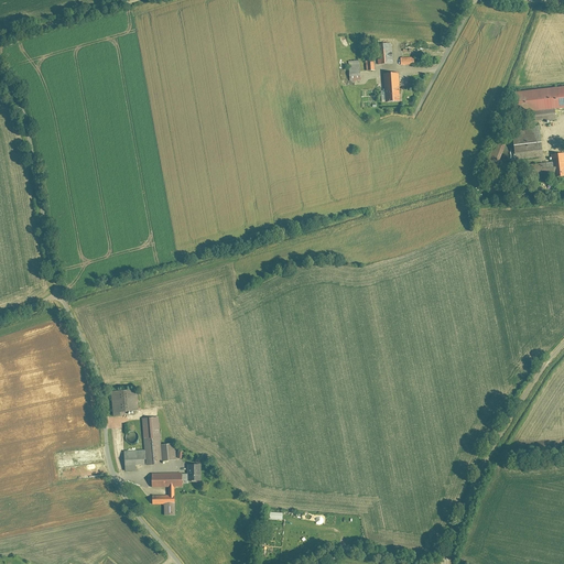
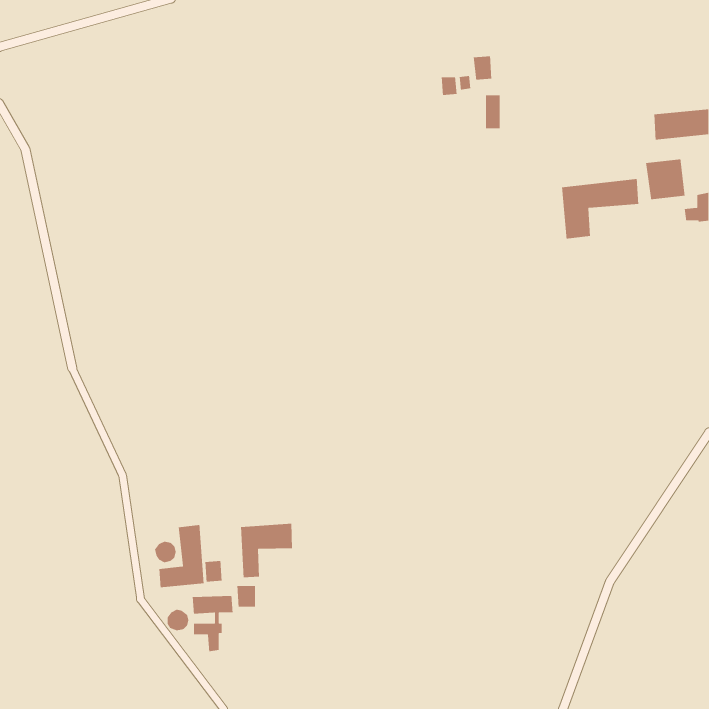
building: none -> [561,178,639,239]
building: [112,390,140,413] -> none
building: none -> [240,523,293,578]

